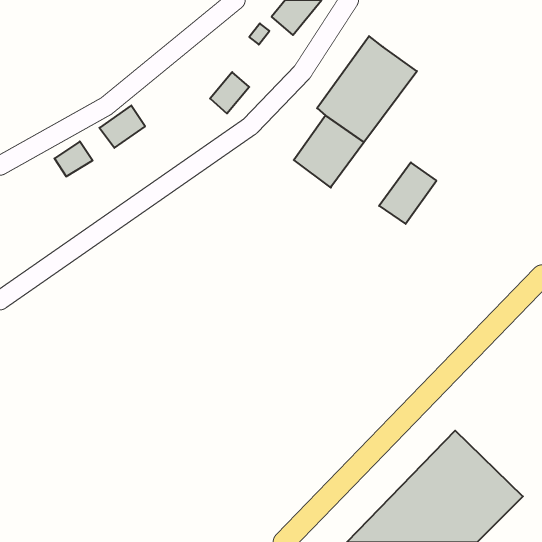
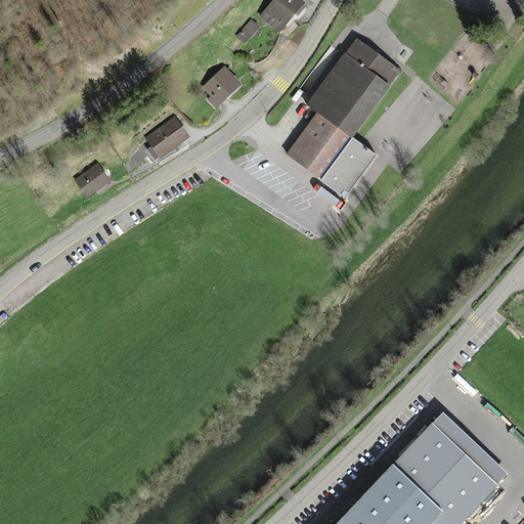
building: [99,105,145,148] -> [146,119,190,160]
building: [54,141,93,176] -> [75,164,112,198]
building: [379,162,436,224] -> [320,137,376,196]

